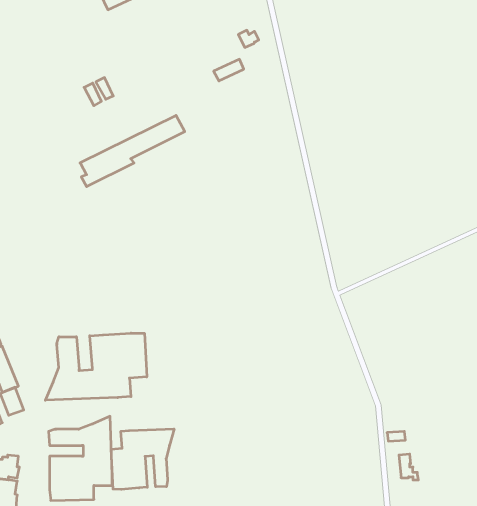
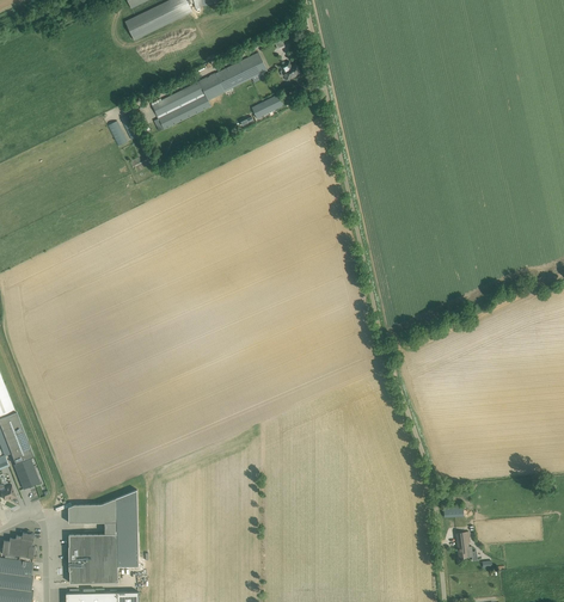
building: [80,115,185,187] -> [151,53,266,131]
building: [45,333,147,400] -> none
building: [111,429,174,489] -> none

